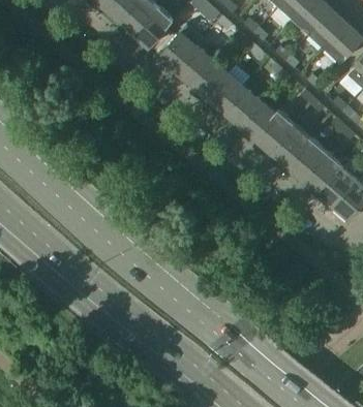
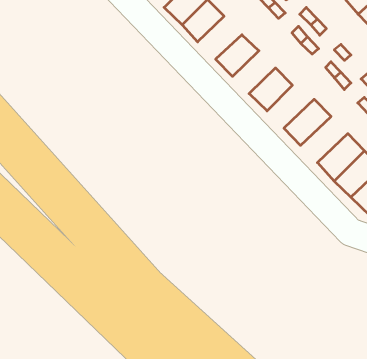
building: [190,60,228,97] -> none
building: [222,87,259,124] -> none
building: [254,111,294,151] -> none
building: [285,137,325,178] -> none

